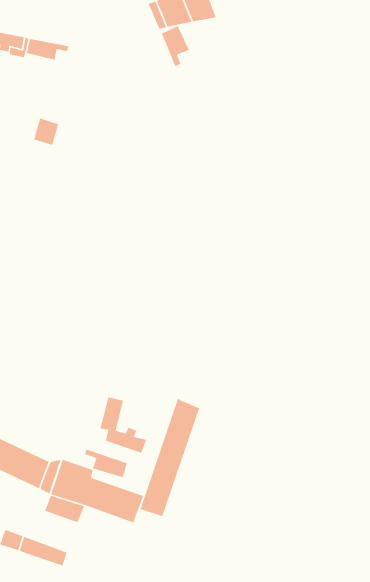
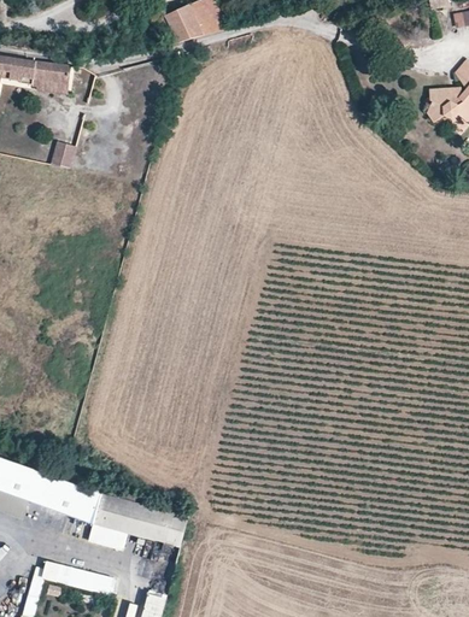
building: [161,25,190,67] -> none
building: [99,397,147,454] -> none
building: [139,397,200,517] -> none
building: [84,449,128,478] -> none

